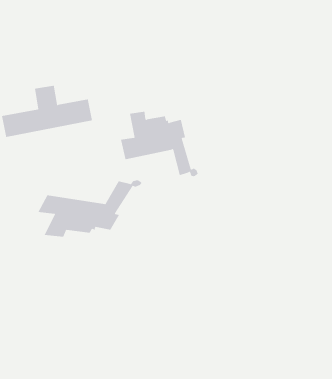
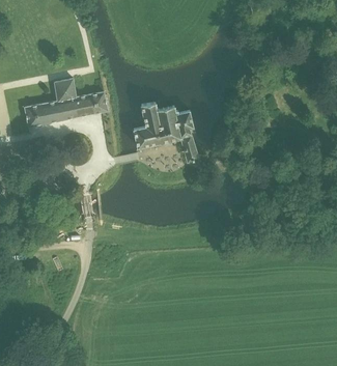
building: [38,180,142,238] -> none

